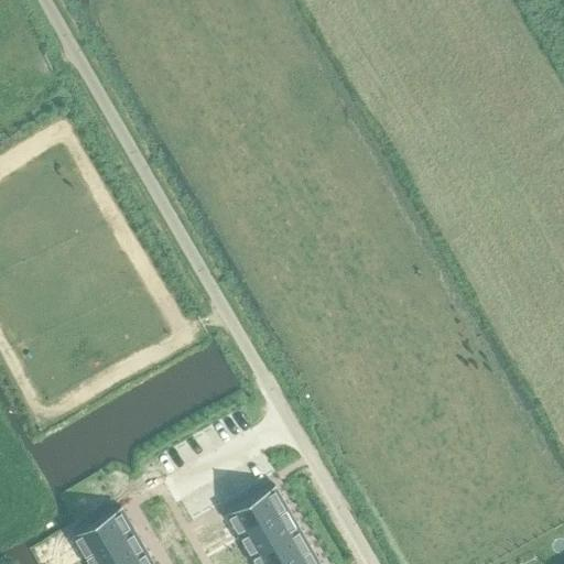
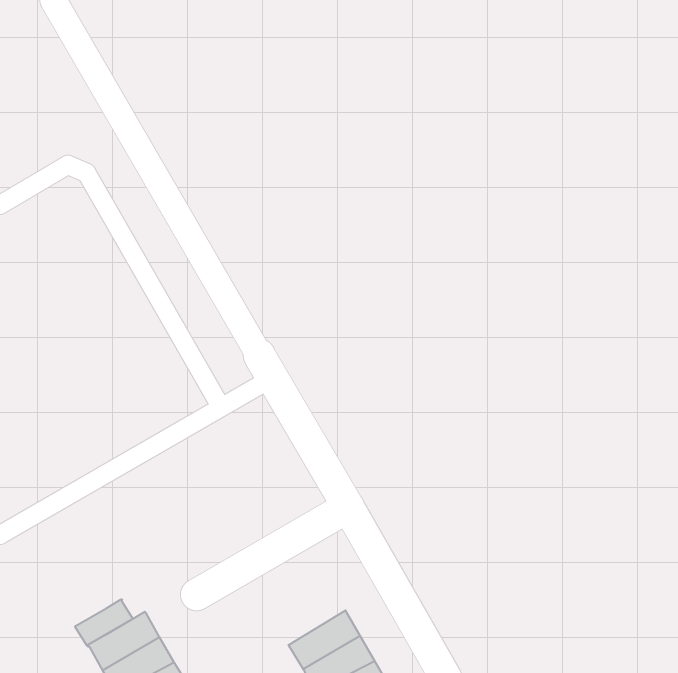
building: [228,490,288,540] -> none
building: none -> [75,599,133,646]

